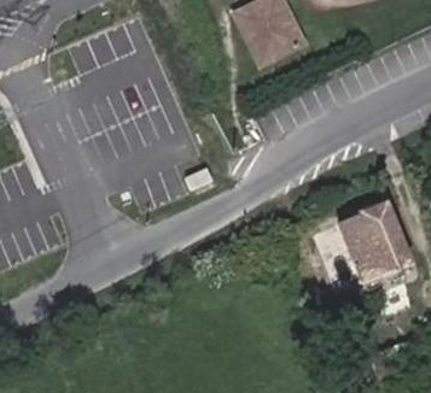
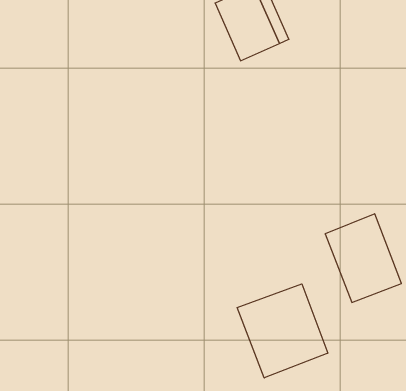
building: none -> [237,284,328,378]

